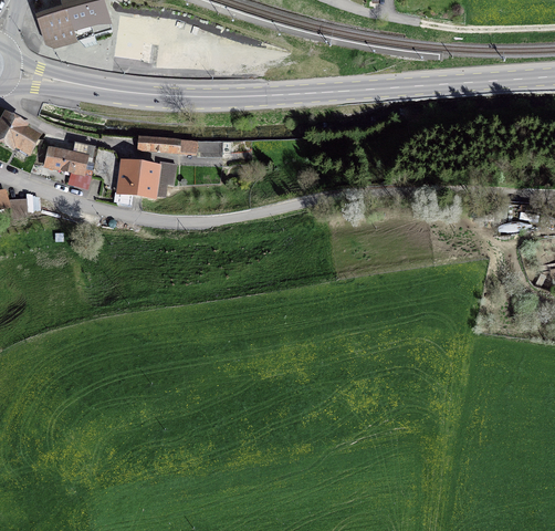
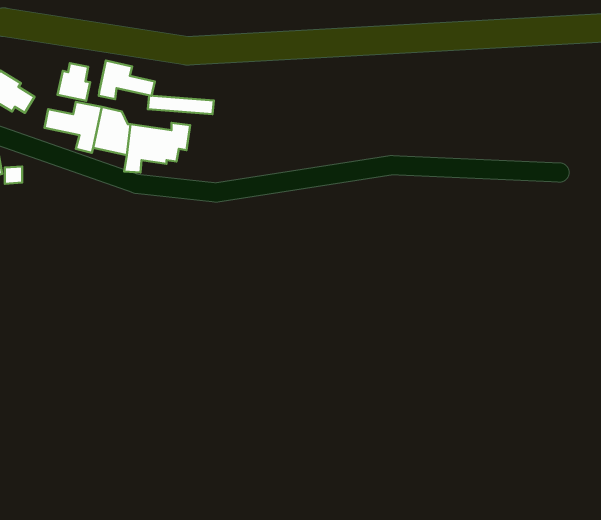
building: none -> [99,60,155,99]
building: none -> [58,63,90,101]

